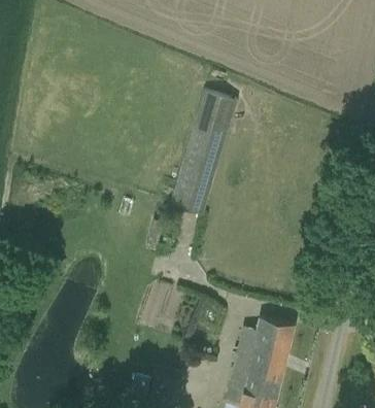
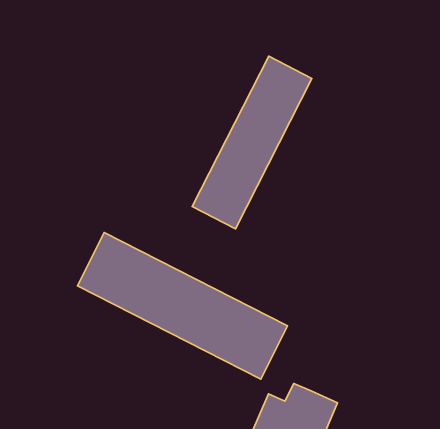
building: none -> [78,233,288,379]

